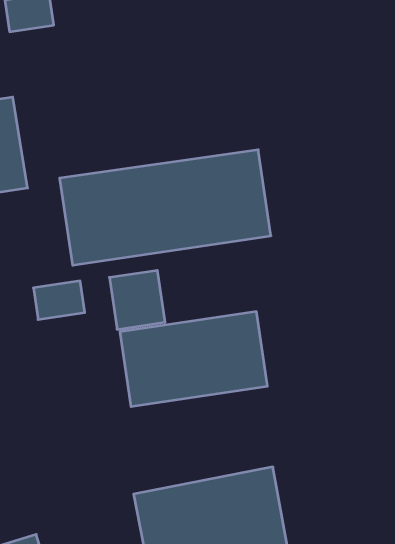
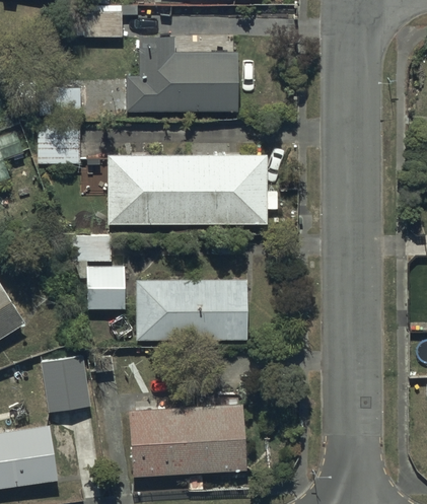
building: none -> [126,38,236,112]
building: [109,270,165,329] -> [87,270,126,311]
building: none -> [42,372,88,415]

